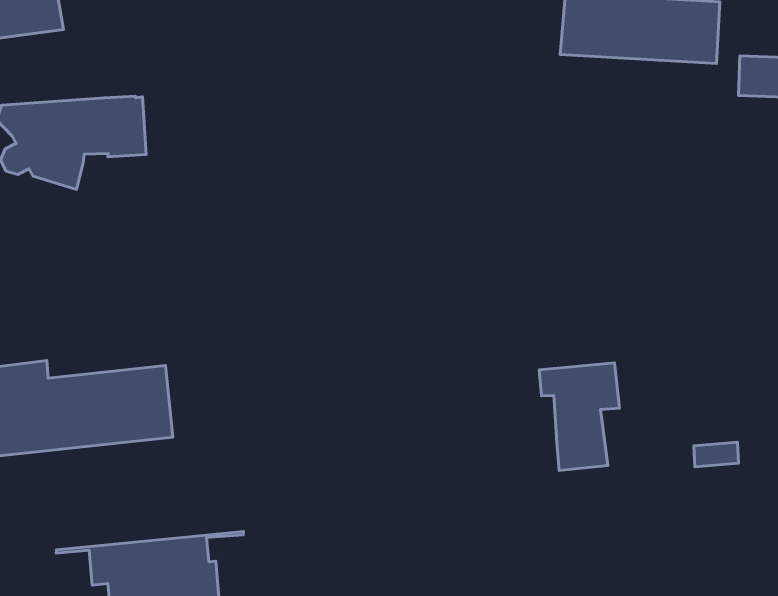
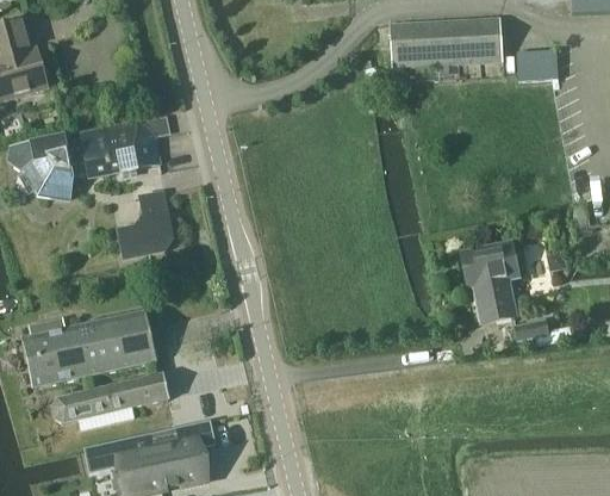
building: none -> [107,122,157,174]
building: none -> [118,192,173,258]
building: [539,363,620,470] -> [460,244,518,323]
building: none -> [51,373,168,428]

